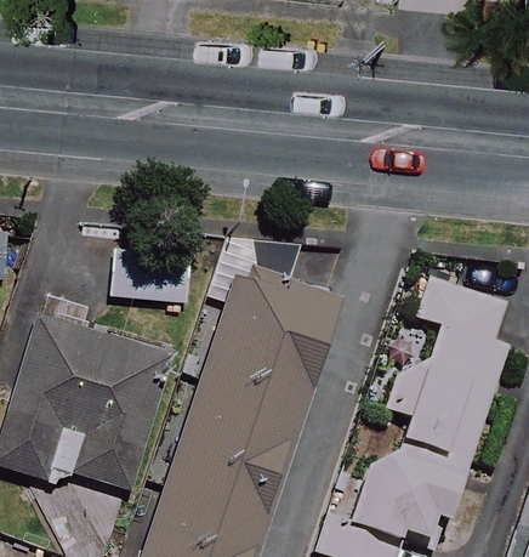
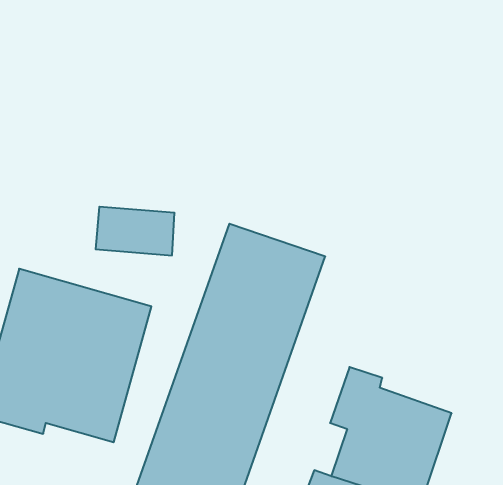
building: [380,271,508,462] -> none

